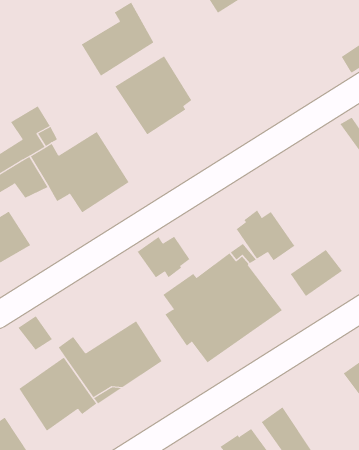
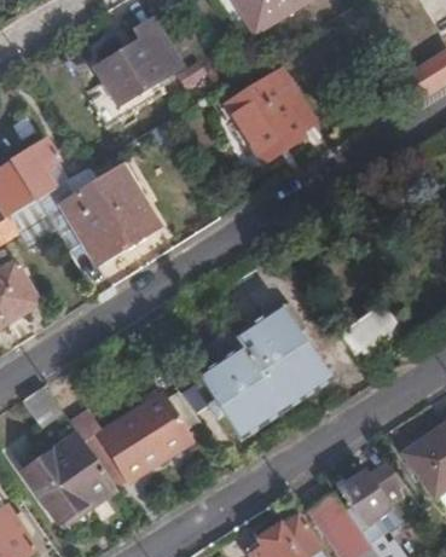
building: [115,56,192,135] -> [226,68,317,161]
building: [236,210,295,261] -> none
building: [137,236,190,278] -> none
building: none -> [337,457,411,526]

